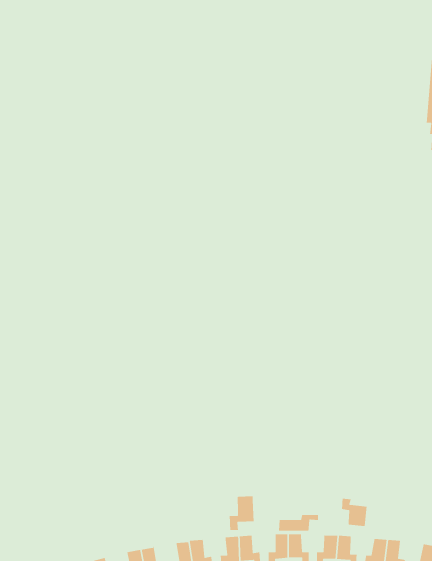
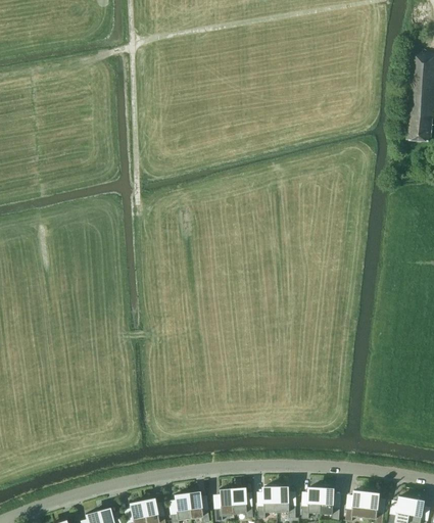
building: [229,492,254,531] -> none
building: [341,498,367,530] -> none
building: [274,514,319,531] -> none

